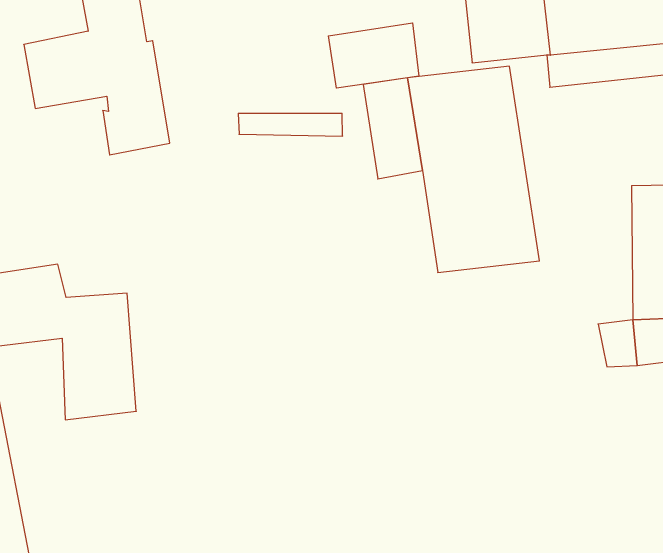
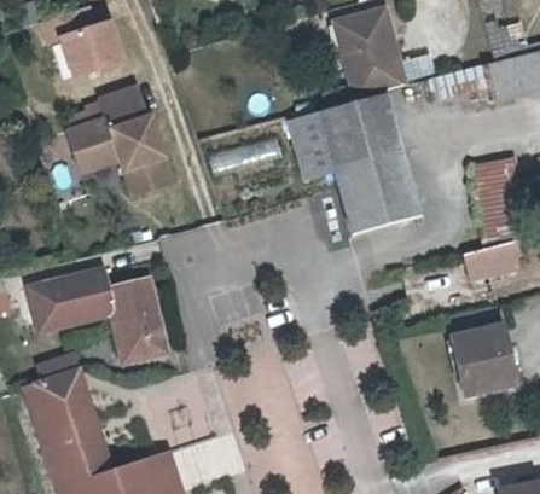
building: [328,23,419,88] -> none
building: none -> [443,322,509,393]

